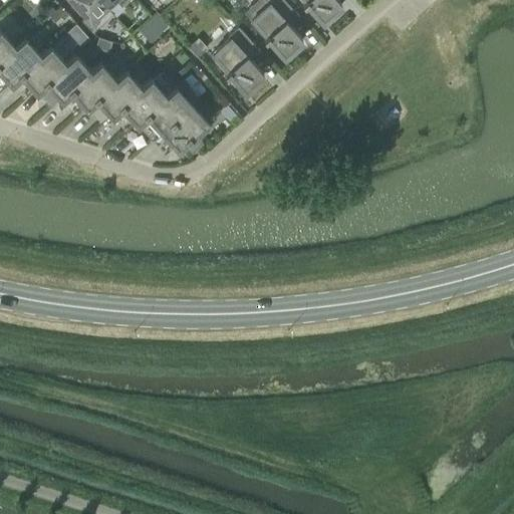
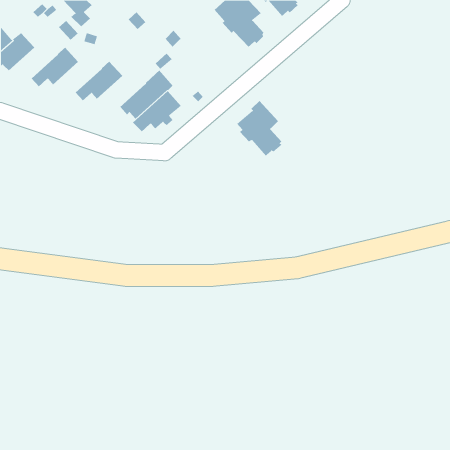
building: [211,25,263,89] -> [236,100,282,156]
building: [10,45,65,91] -> none
building: [60,61,115,107] -> none
building: [110,77,166,123] -> none

